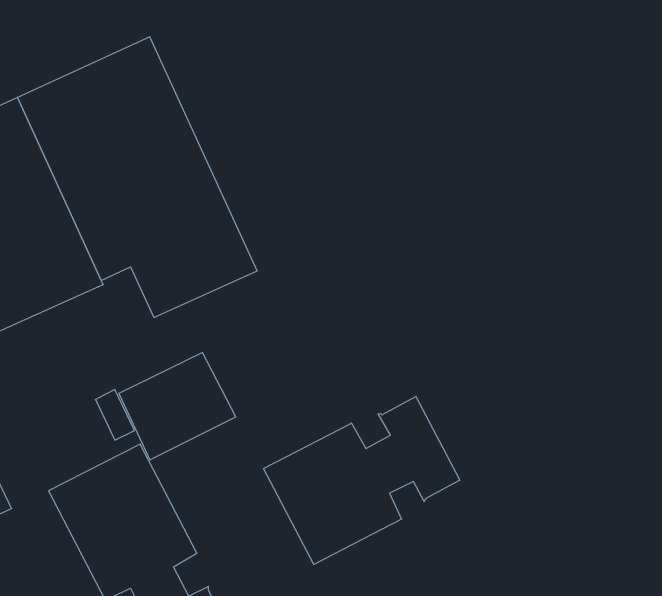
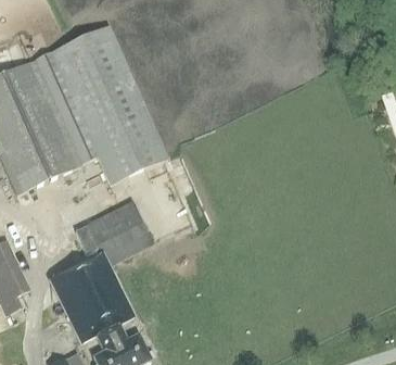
building: [264,396,460,565] -> none

